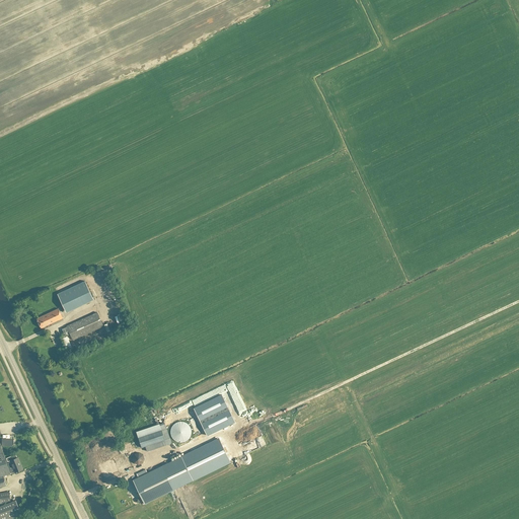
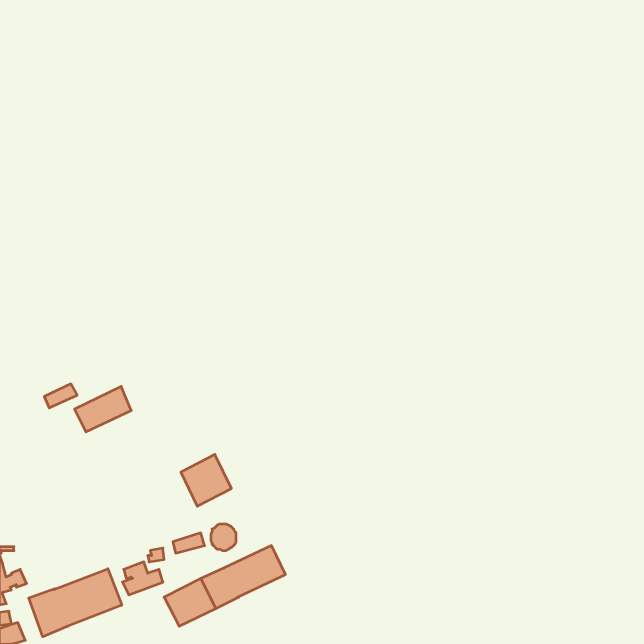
building: [57,279,92,310] -> none
building: [193,393,233,435] -> [181,454,231,506]
building: none -> [29,569,122,637]

